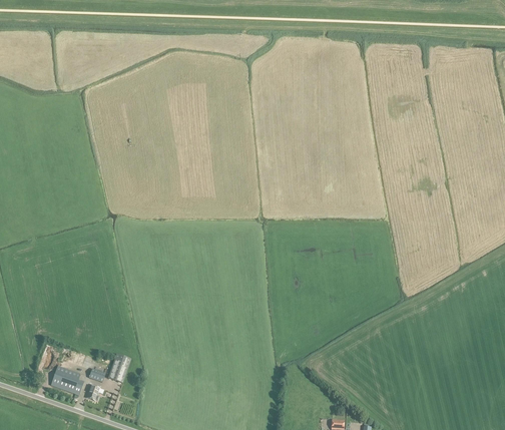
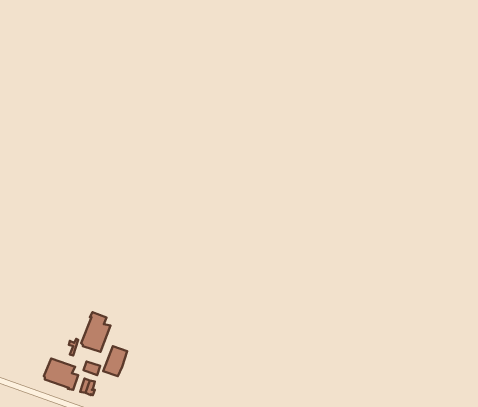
building: none -> [81,312,111,352]

